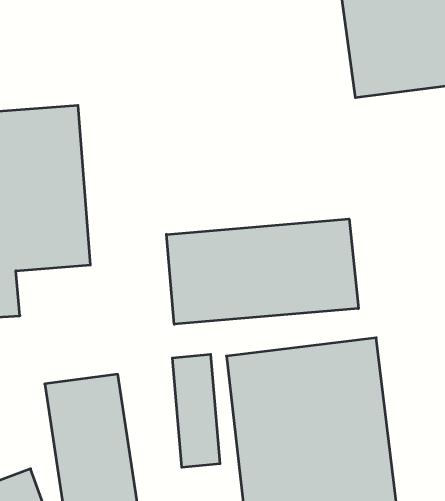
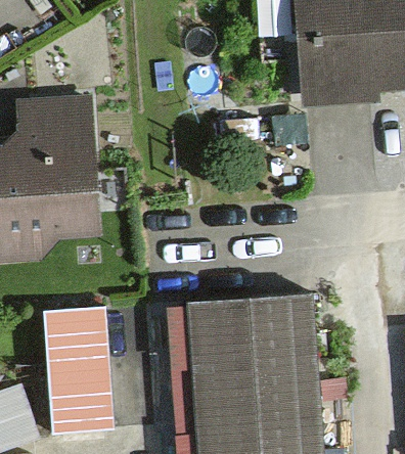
building: [166,219,358,324] -> none

